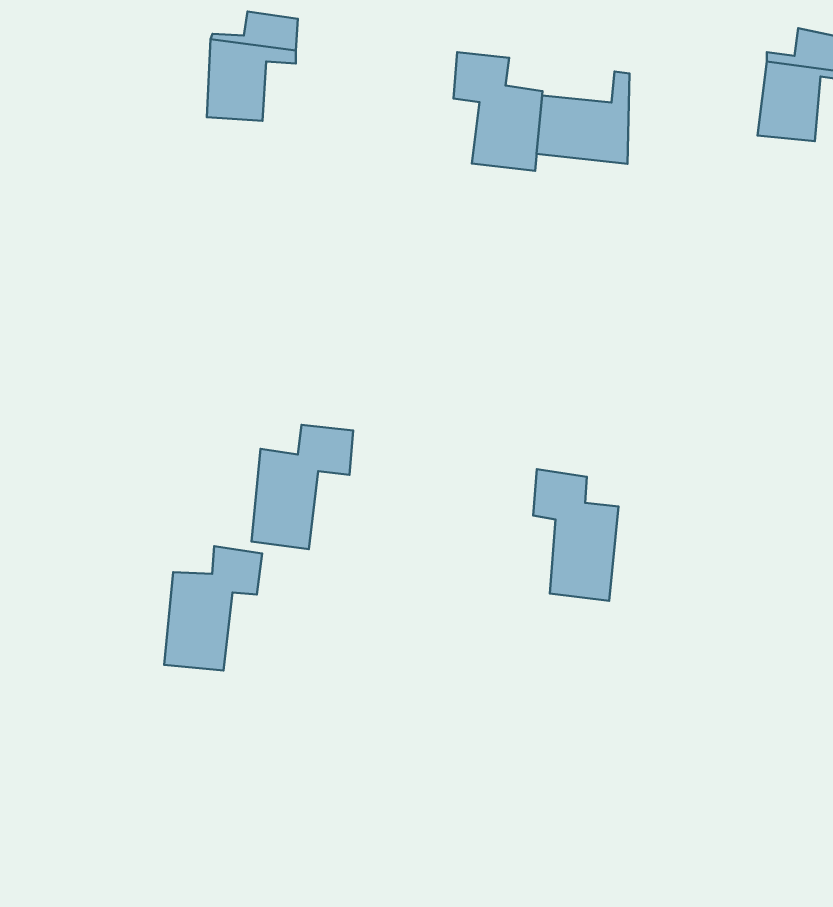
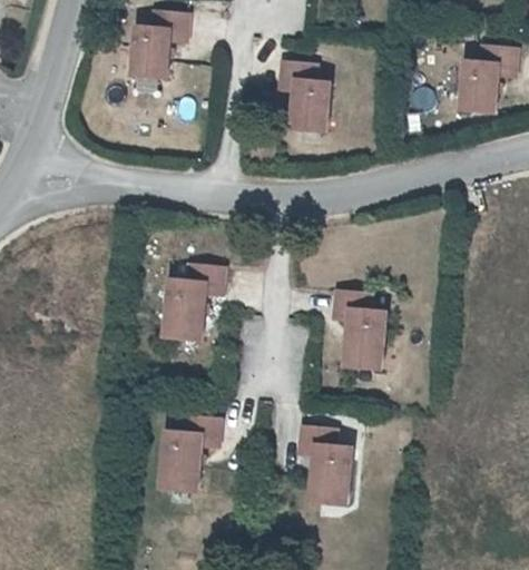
building: [537,71,630,164] -> none
building: [164,546,262,670] -> [158,417,217,492]
building: none -> [295,429,349,505]

